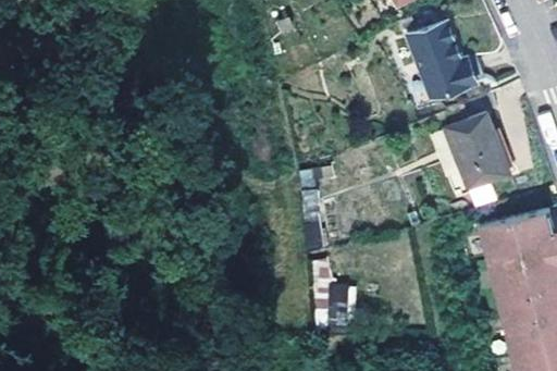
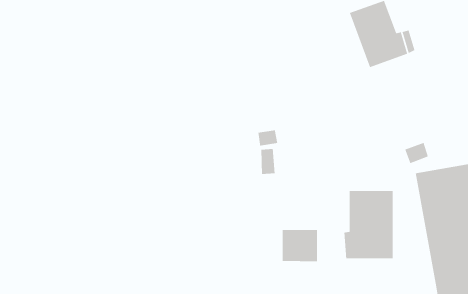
building: [443,96,507,188] -> none
building: none -> [343,190,393,259]

